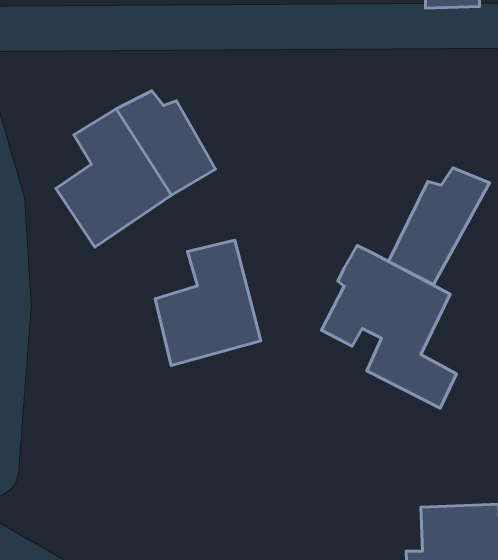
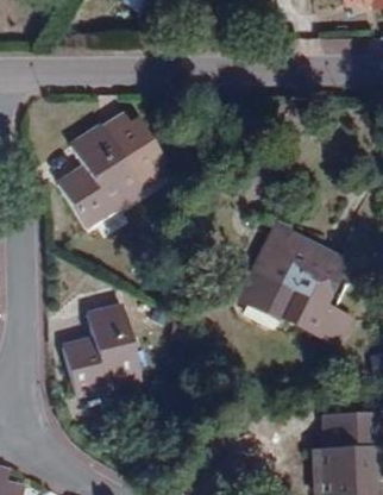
building: [388,168,490,285] -> none
building: [155,240,261,365] -> [63,303,140,395]

